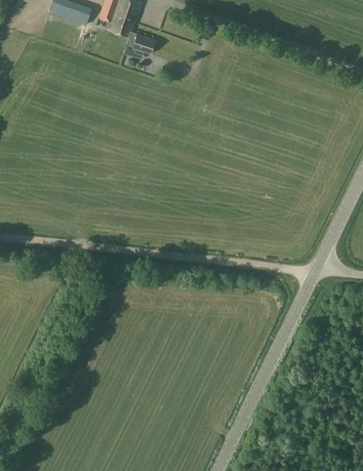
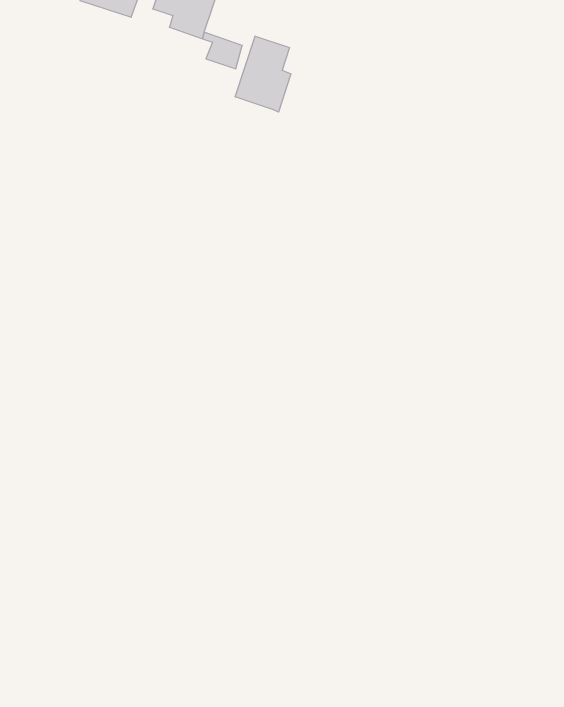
building: none -> [235,36,291,112]

